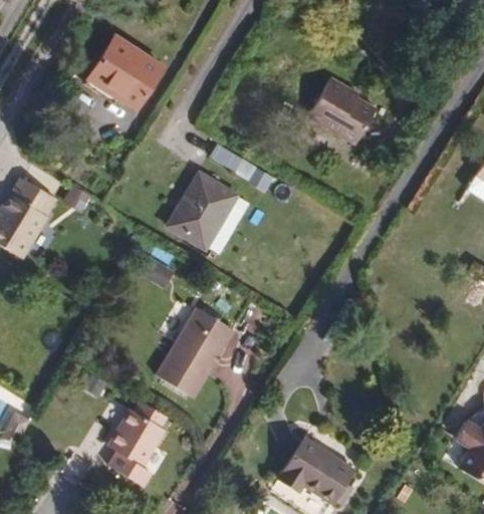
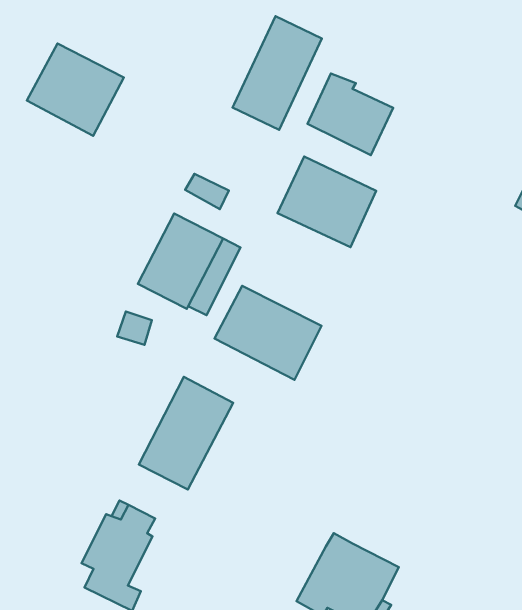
building: none -> [233,16,322,130]
building: none -> [278,156,376,247]
building: none -> [215,286,322,380]

